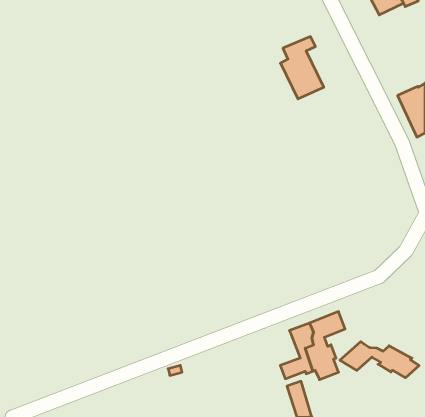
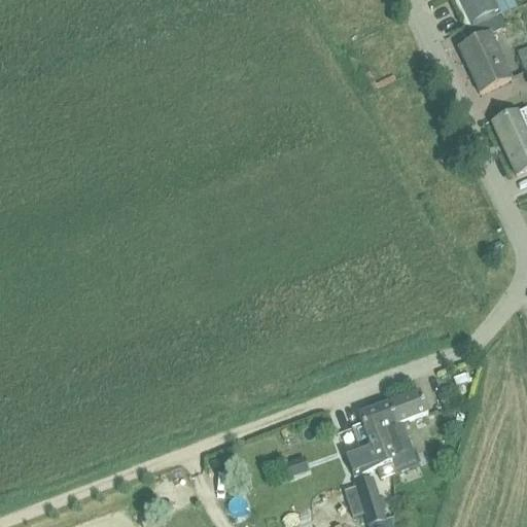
building: [280,37,324,99] -> [458,11,512,89]
building: [340,342,419,378] -> none

